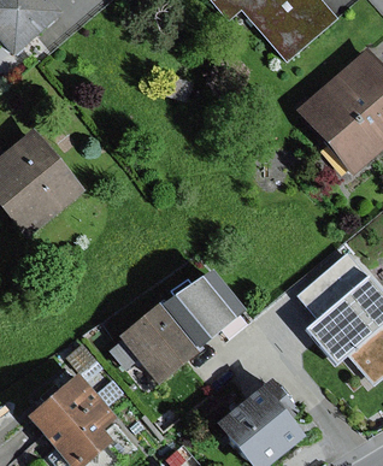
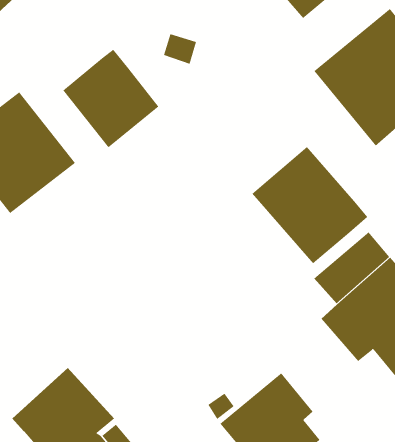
building: none -> [62,49,159,148]
building: none -> [252,146,368,264]
building: [118,271,244,388] -> none

